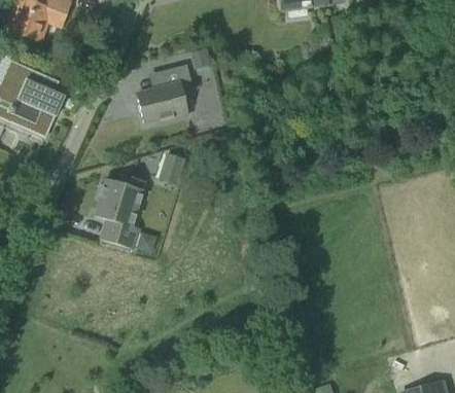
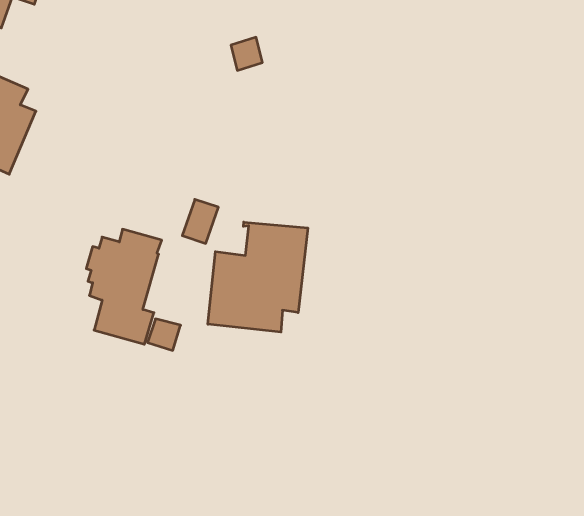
building: [137,64,194,121] -> none
building: none -> [208,222,308,332]

